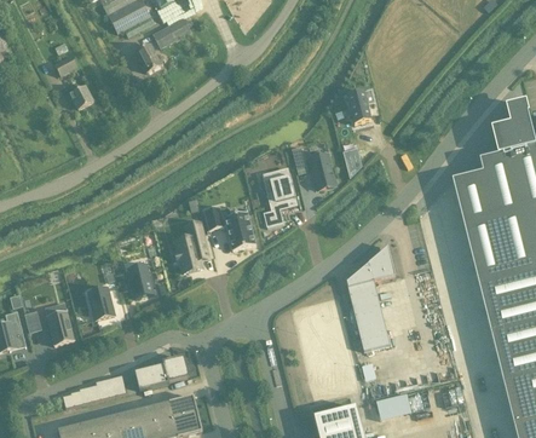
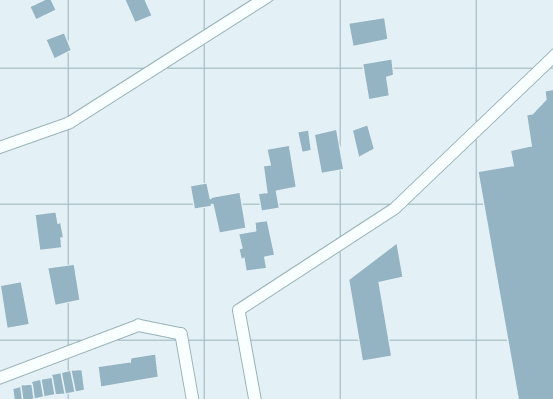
building: none -> [349,17,388,47]
building: [175,226,208,271] -> [239,221,275,271]
building: [128,263,155,296] -> [35,212,64,250]

